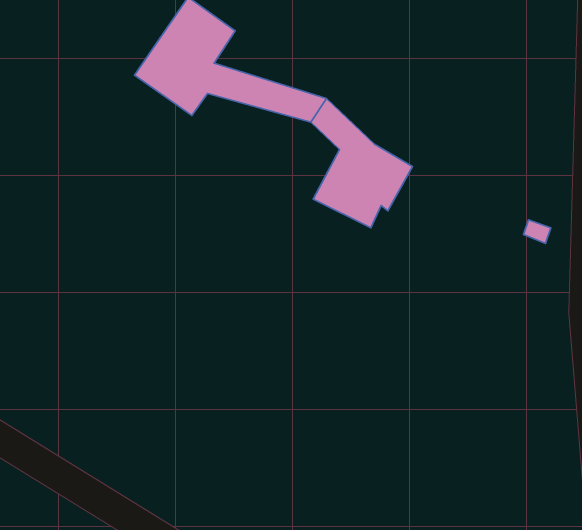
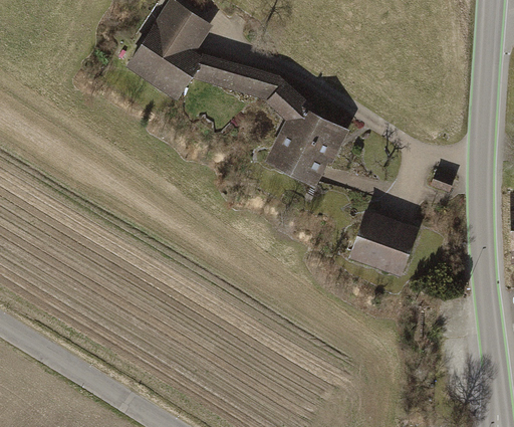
building: none -> [346,219,411,279]

